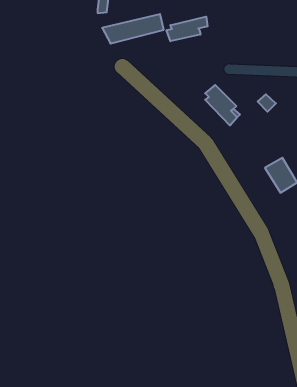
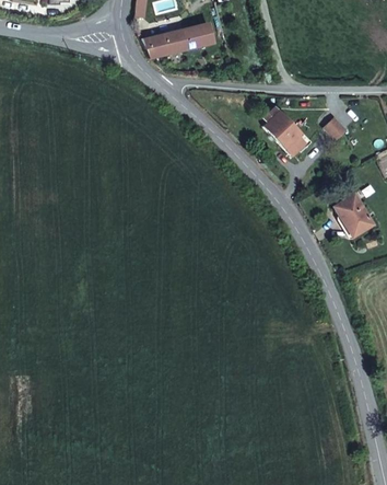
building: [167,17,208,41] -> none

